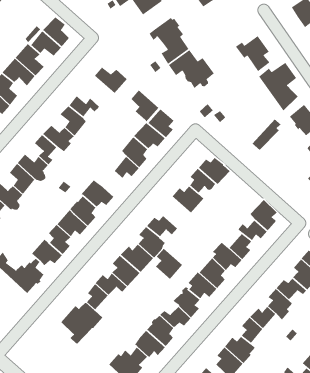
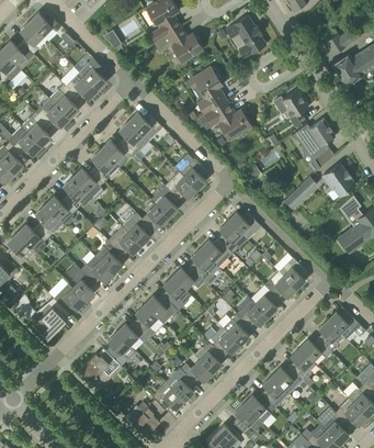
building: [130,90,159,123] -> [120,122,148,156]
building: none -> [122,213,151,246]
building: [155,248,183,280] -> [190,249,218,282]

